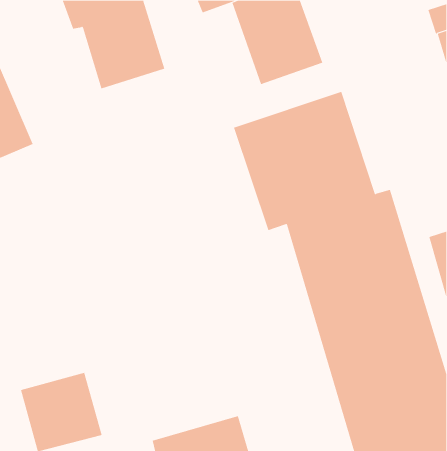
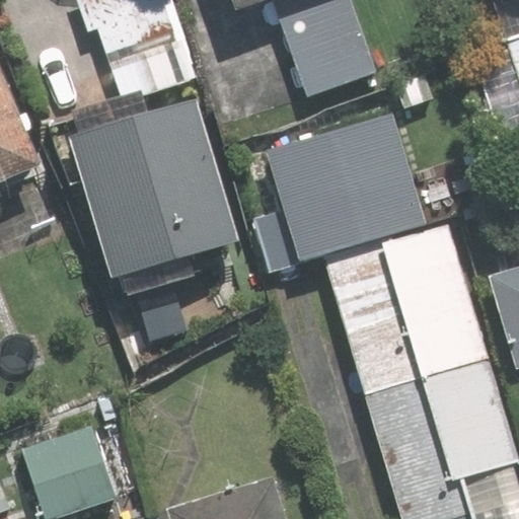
building: none -> [65,100,237,285]

